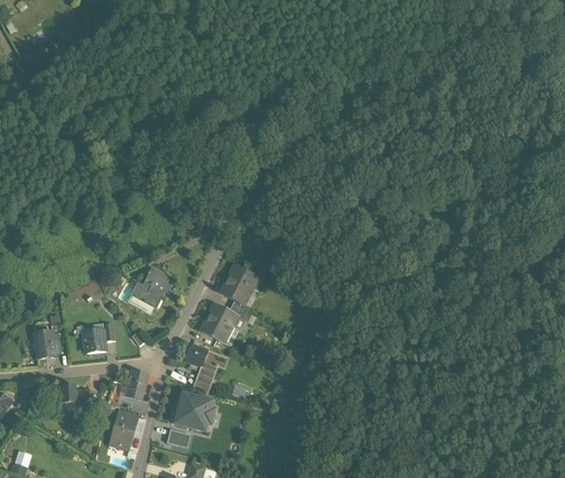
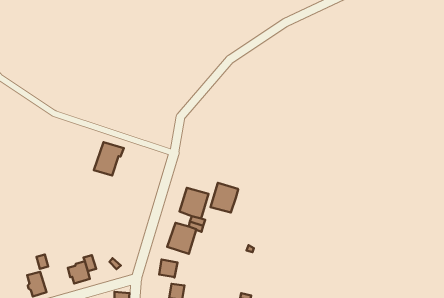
building: none -> [210,183,238,212]
building: [136,267,174,307] -> [94,142,124,176]
building: [198,349,228,376] -> none

